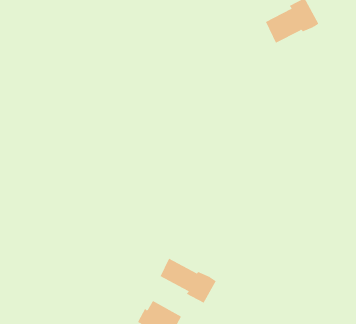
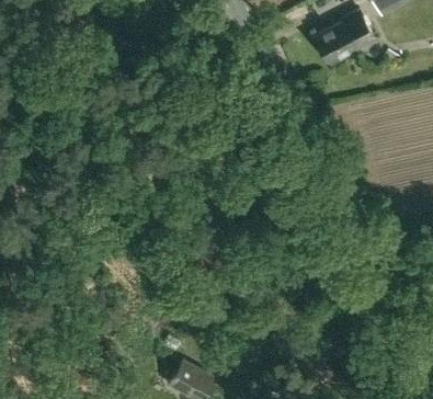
building: [160,258,216,304] -> none

